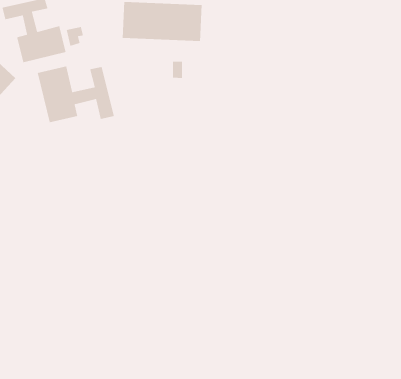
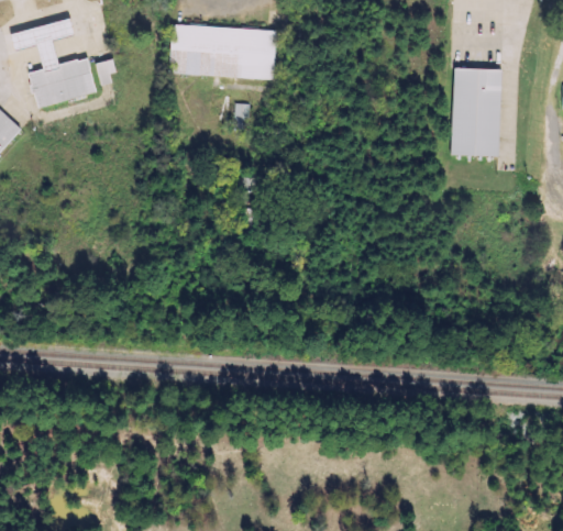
building: none -> [453,67,500,156]
building: [37,65,115,123] -> none

